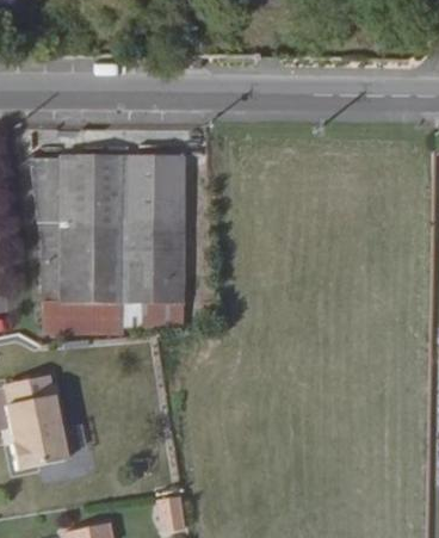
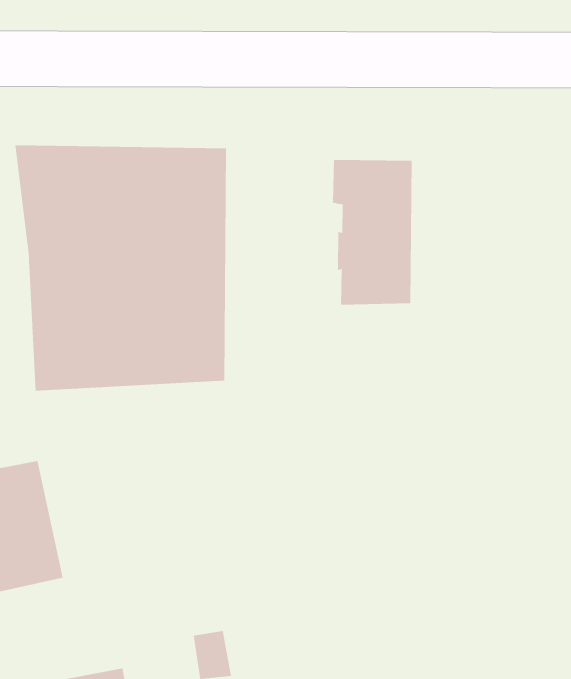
building: none -> [332,159,412,305]

